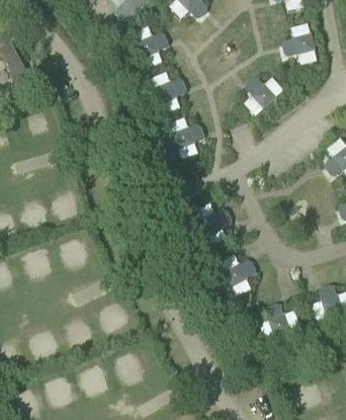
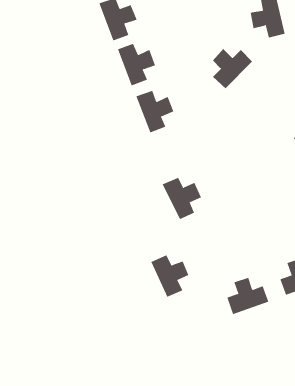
building: [217,253,255,296] -> [150,255,189,298]

